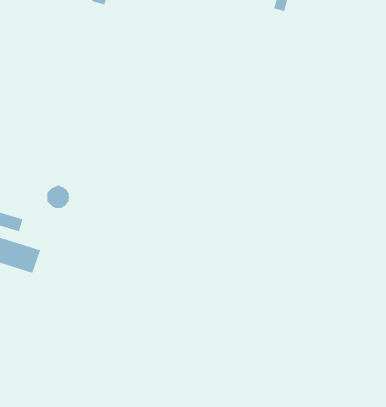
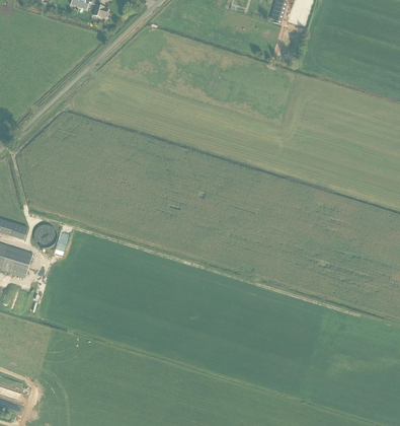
building: [47,185,71,209] -> [32,224,56,247]

